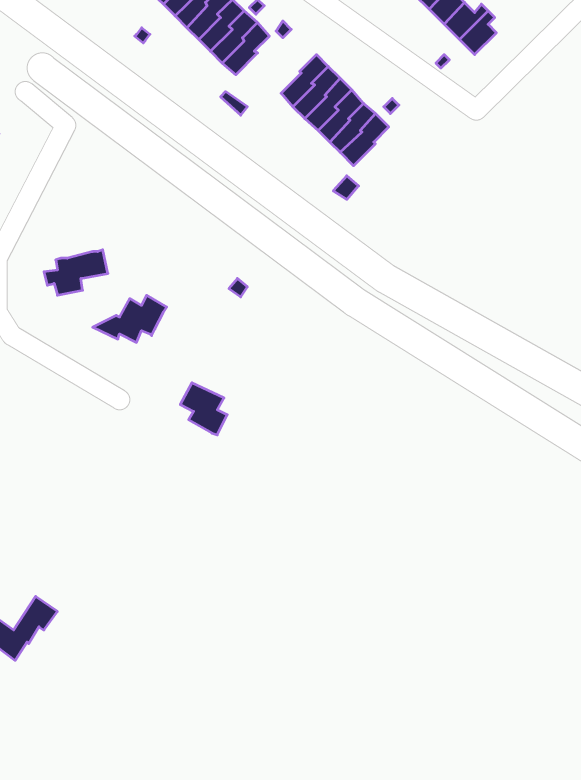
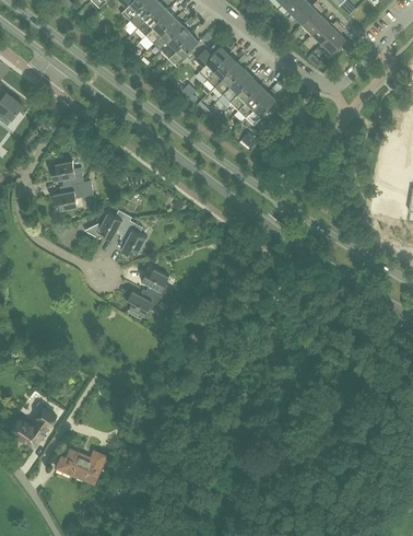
building: none -> [197,46,228,79]
building: none -> [51,161,83,186]
building: none -> [119,221,145,254]
building: none -> [127,289,161,317]
building: none -> [56,451,104,482]

